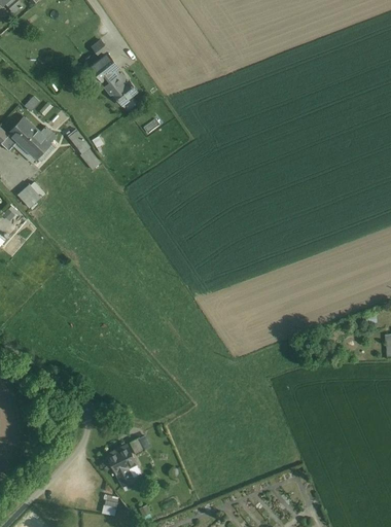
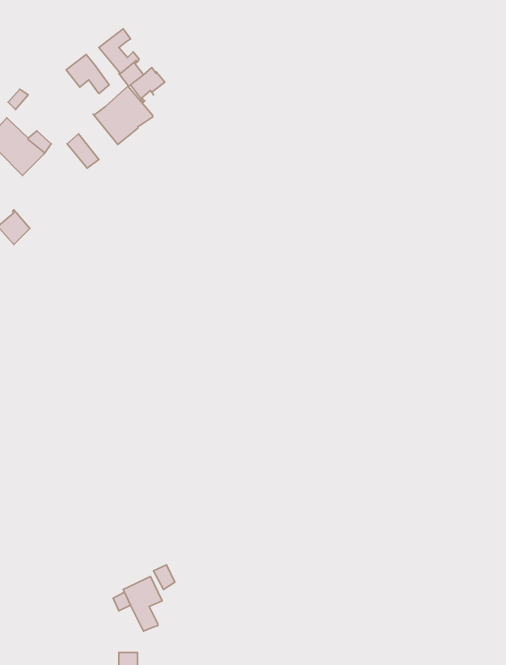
building: none -> [66,54,109,93]
building: none -> [93,86,153,145]

